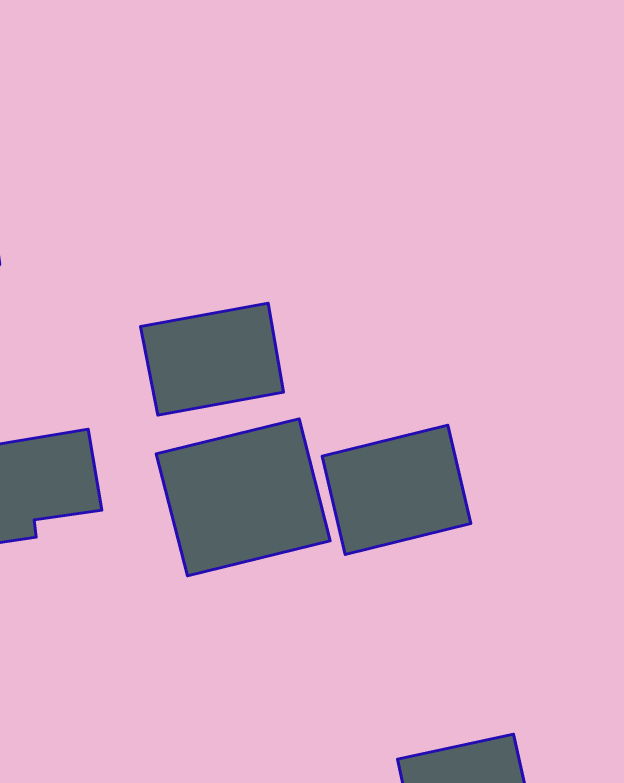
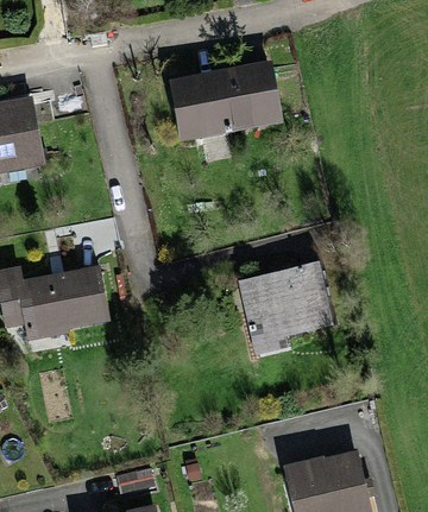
building: [141,303,284,415] -> [189,65,277,134]
building: [156,419,330,576] -> none

